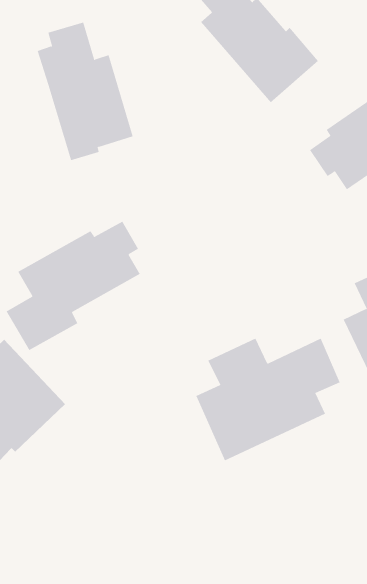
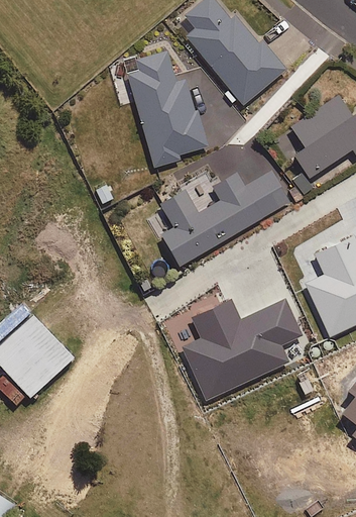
building: [37,22,133,161] -> [127,49,208,166]
building: none -> [158,170,289,266]
building: [6,221,141,351] -> none

